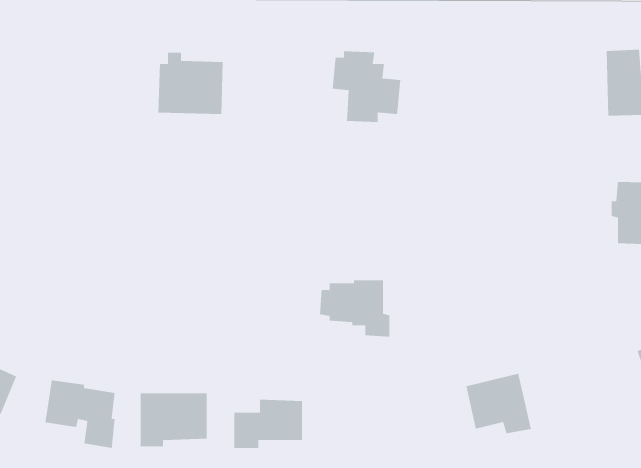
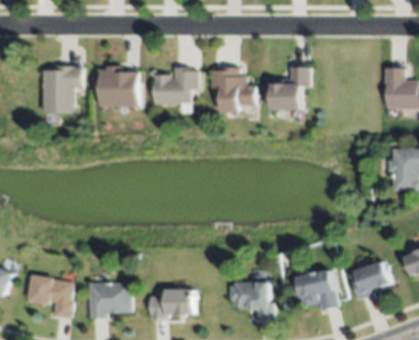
building: none -> [43,63,80,113]
building: none -> [154,66,197,104]
building: none -> [271,66,309,108]
building: [319,279,390,337] -> [228,280,274,316]
building: none -> [351,261,390,300]

